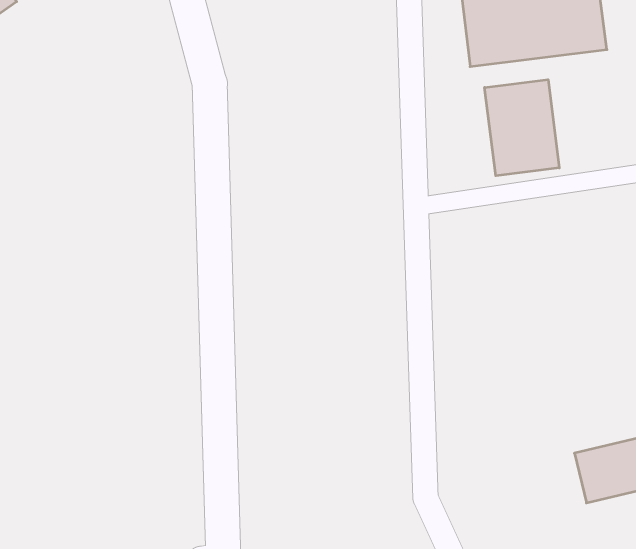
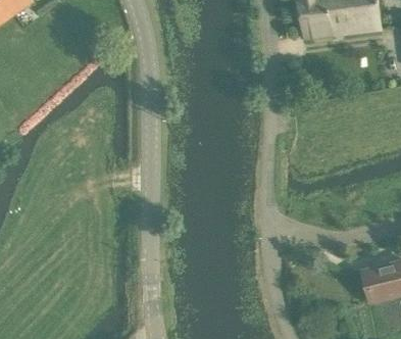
building: [485,80,559,176] -> none

